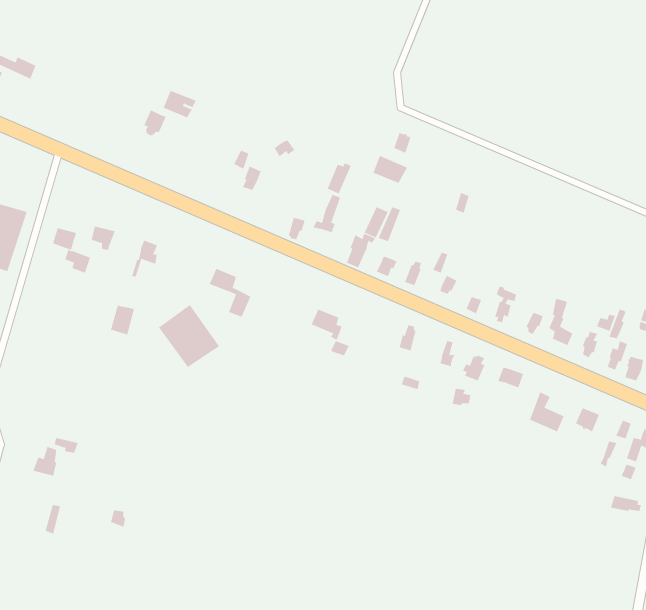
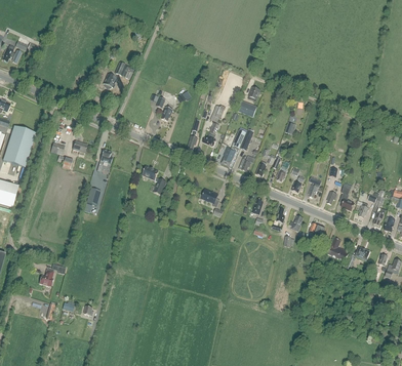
building: [158,304,220,368] -> none

